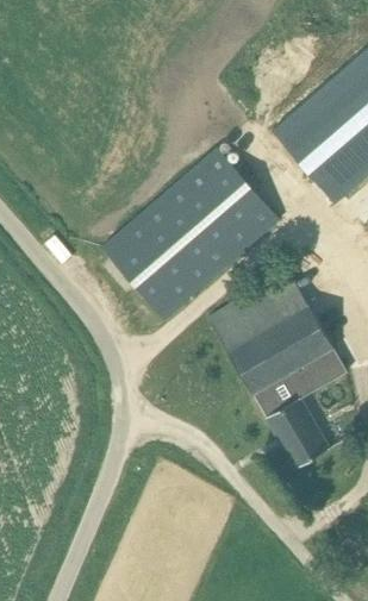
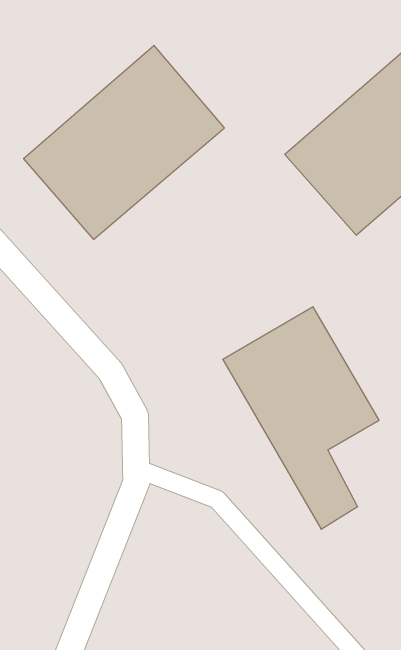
building: [102,148,280,319] -> [24,45,224,240]

